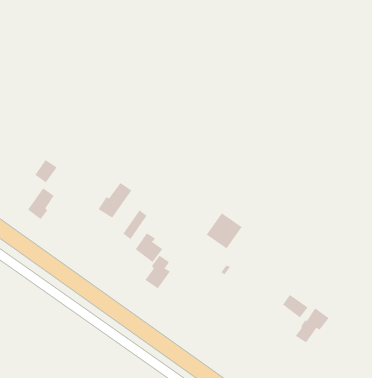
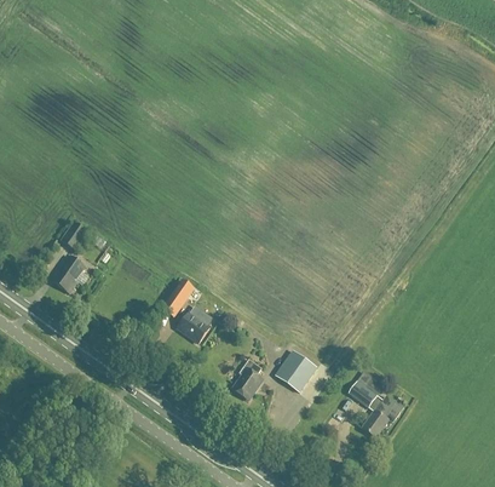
building: [98,182,132,219] -> none
building: [206,212,243,249] -> [276,350,318,393]
building: [145,255,171,289] -> [232,361,263,401]

